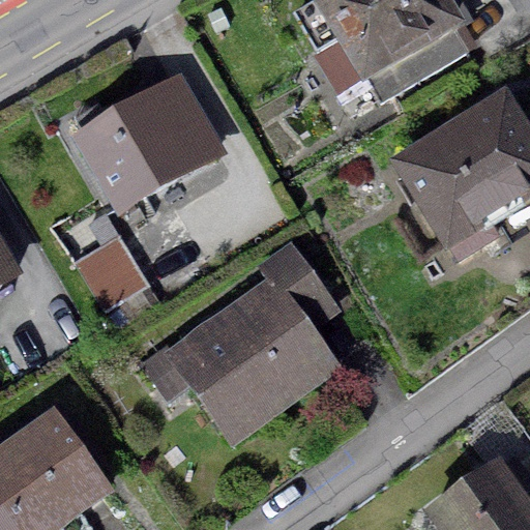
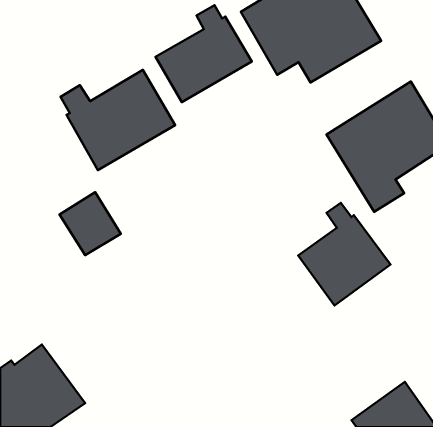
building: none -> [156,5,252,102]
building: none -> [298,203,390,305]
building: [170,247,332,440] -> none

